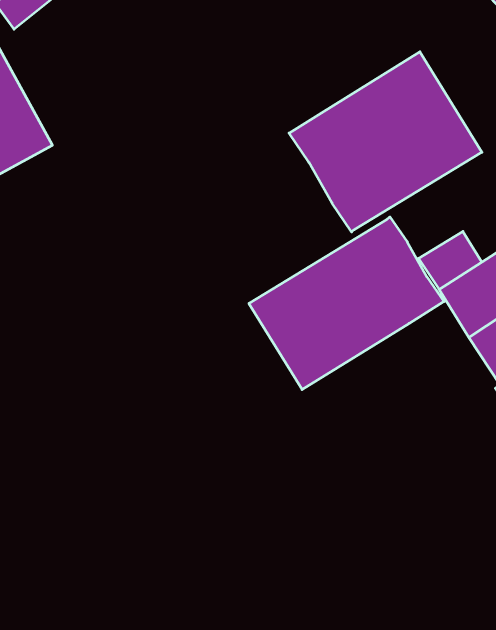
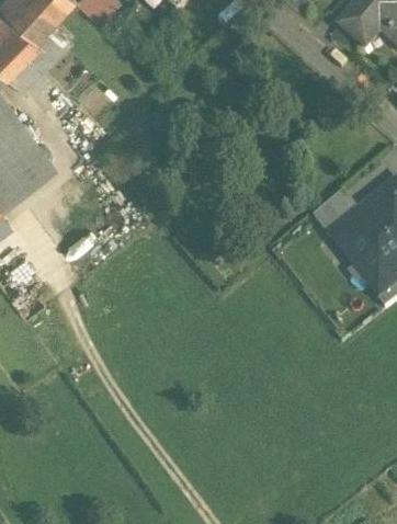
building: [289,52,482,232] -> none
building: [249,217,444,390] -> none

